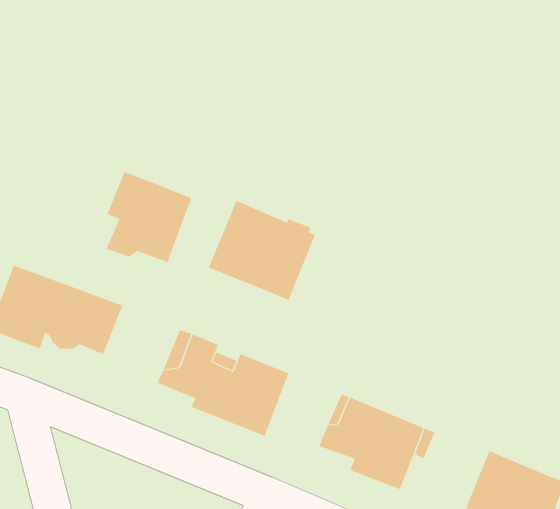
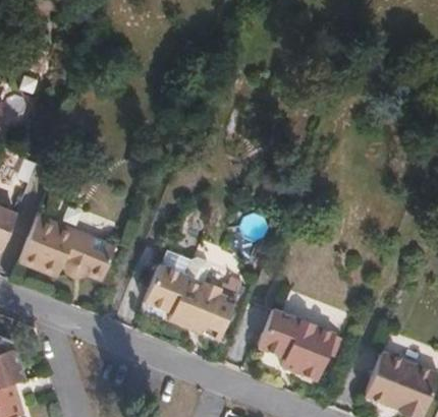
building: [106,171,192,263] -> none
building: [208,200,316,301] -> none

